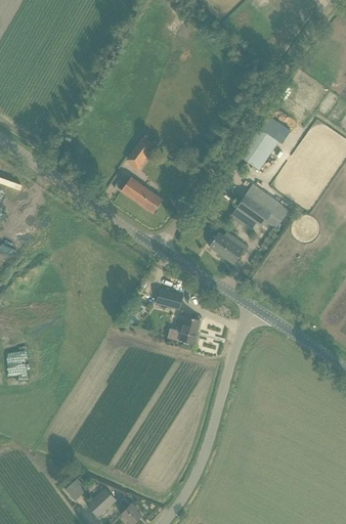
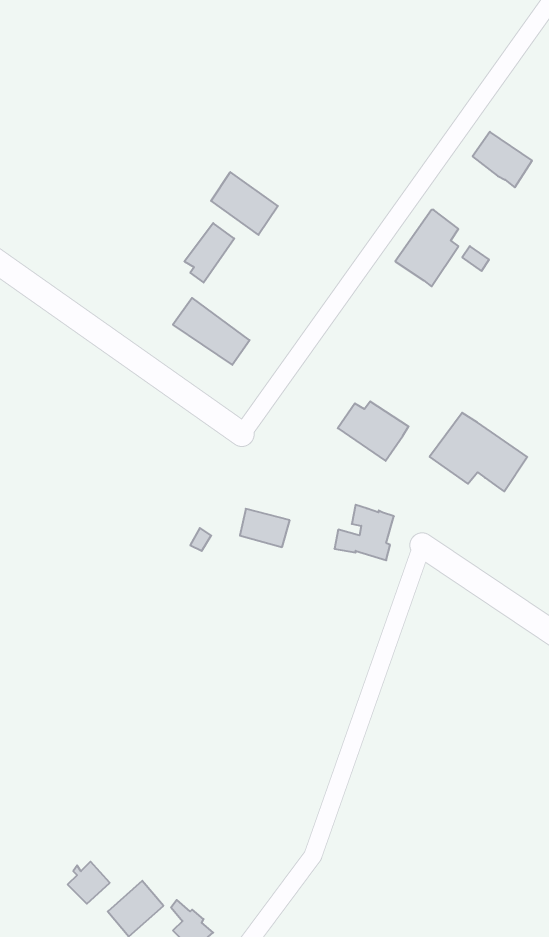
building: none -> [211,172,278,235]
building: [259,116,291,145] -> [473,132,532,187]
building: [234,184,287,226] -> [430,413,527,491]
building: [167,314,199,344] -> [334,505,394,560]

